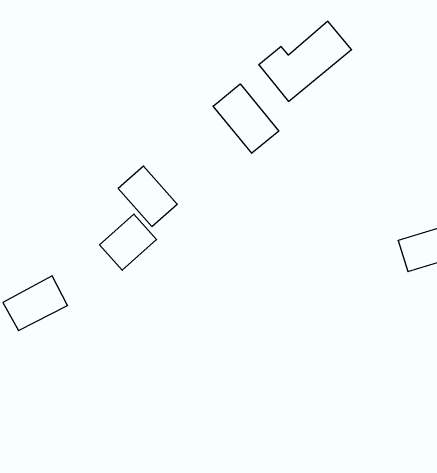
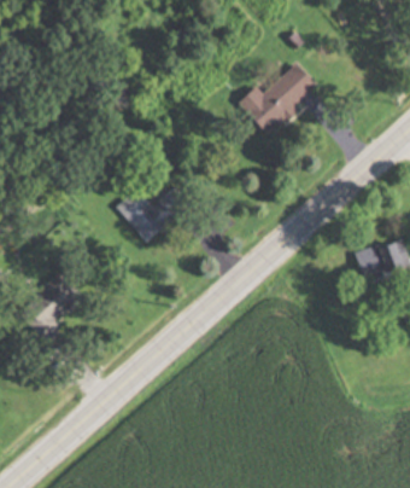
building: [213,84,279,153] -> none
building: [100,214,157,270] -> none

